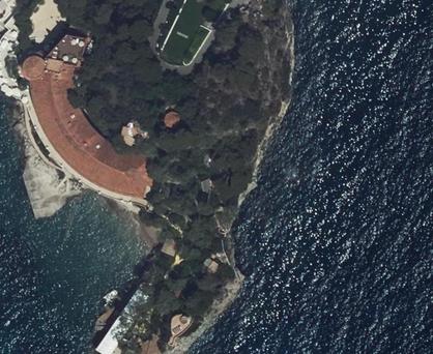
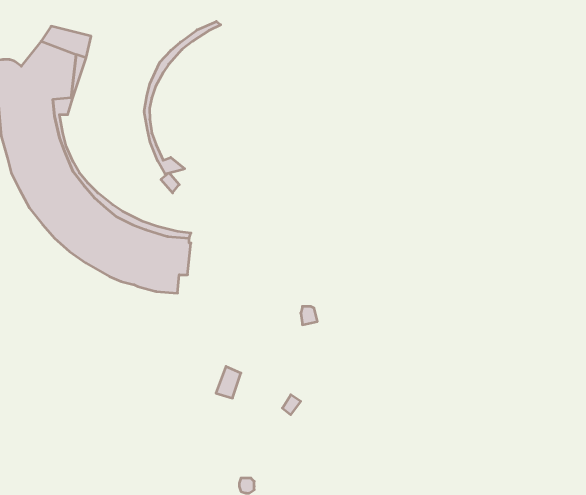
building: none -> [144,21,221,174]

